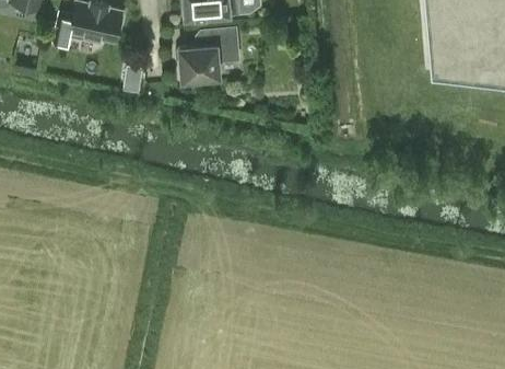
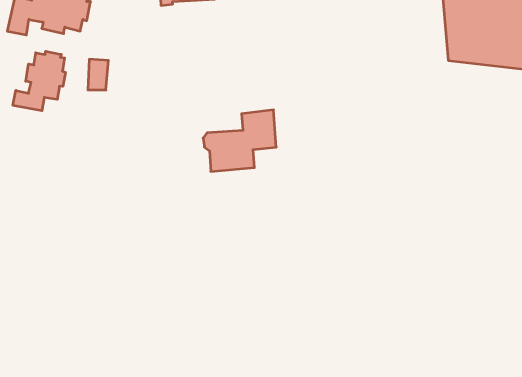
building: [177,27,239,80] -> [203,110,276,171]
building: none -> [13,51,65,111]

